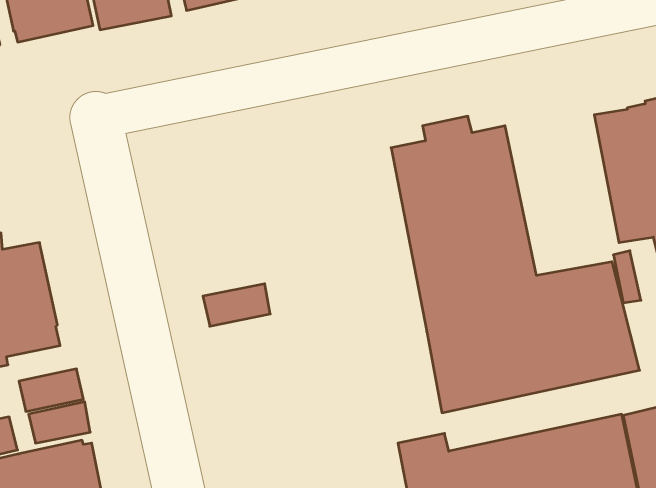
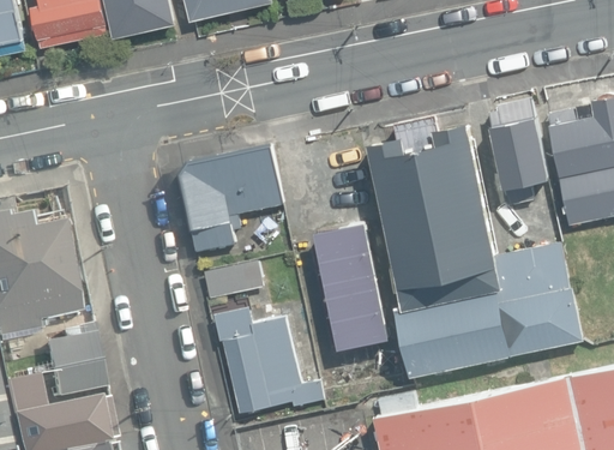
building: none -> [488,97,548,204]
building: none -> [181,145,282,251]
building: none -> [314,221,389,349]
building: none -> [212,305,323,412]

